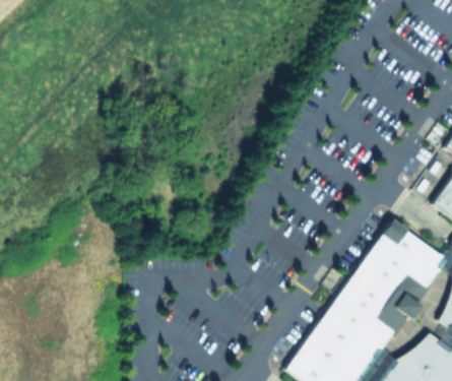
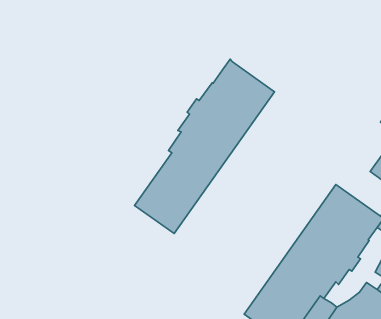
building: none -> [134,59,275,234]

